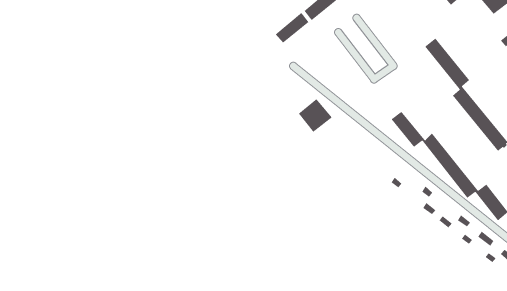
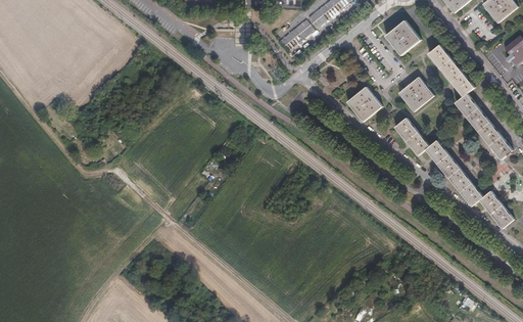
building: none -> [385,19,420,54]
building: none -> [398,77,433,110]
building: [298,98,333,133] -> [347,86,382,121]

